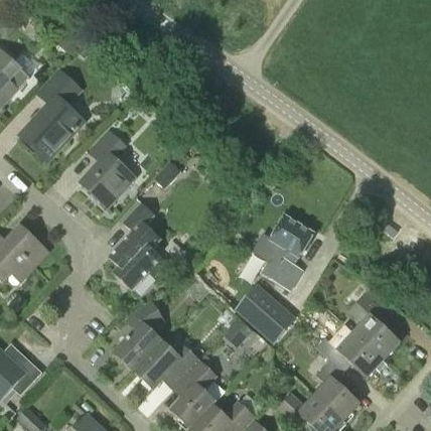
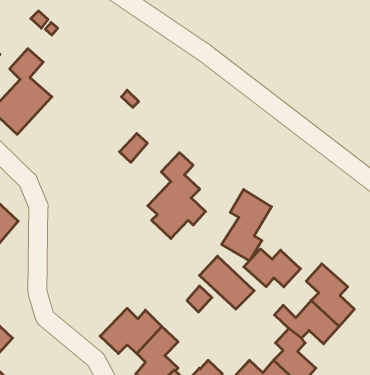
building: [80,131,133,206] -> none
building: [107,201,167,291] -> [148,153,206,239]
building: none -> [244,249,301,287]
building: [114,301,161,371] -> none

